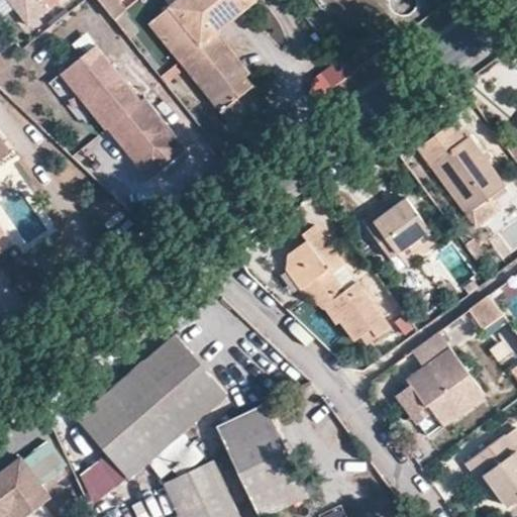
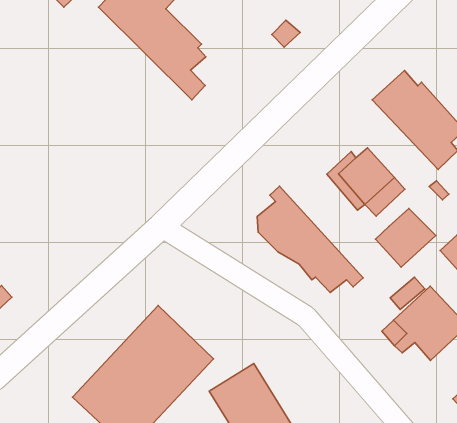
building: [67,54,192,187] -> none
building: none -> [376,208,436,267]

